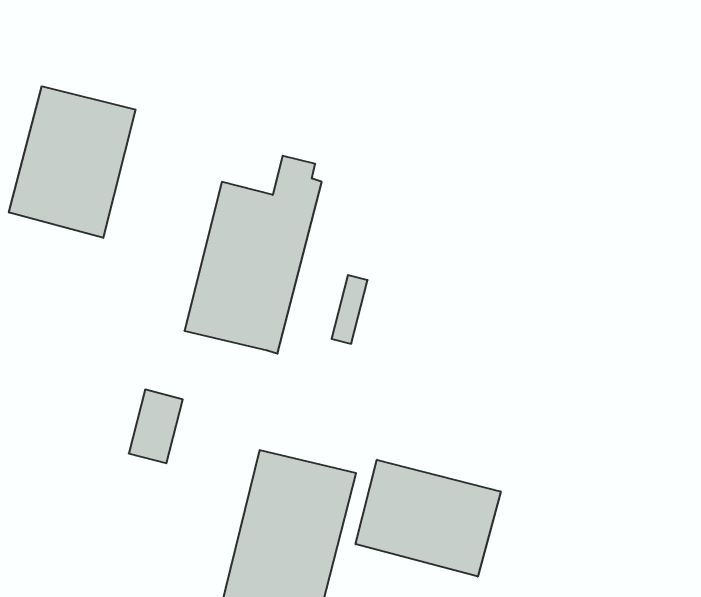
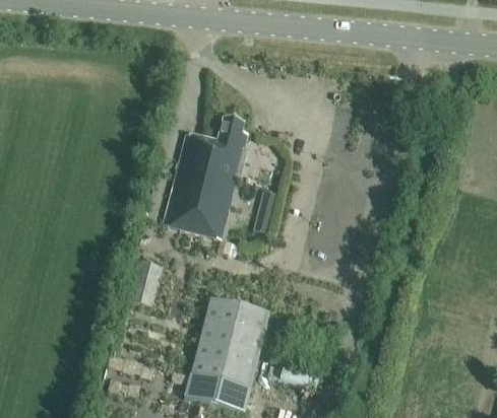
building: [9,86,136,238] -> none
building: [356,460,501,577] -> none

